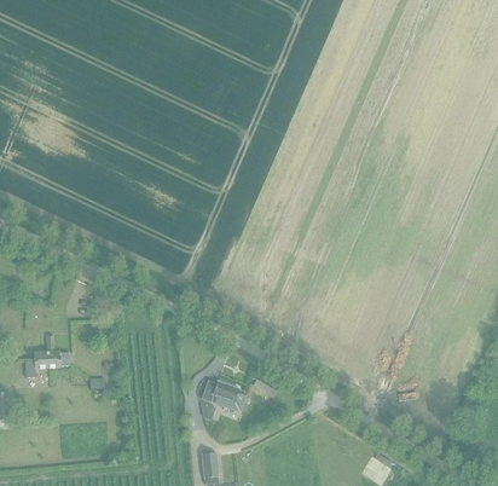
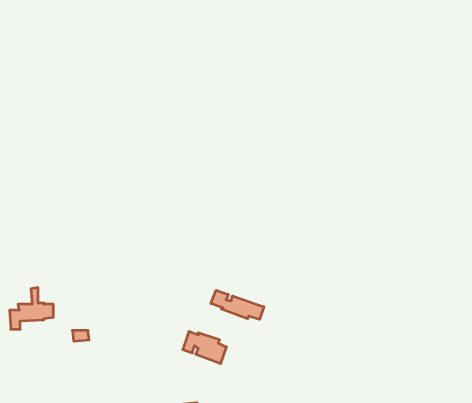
building: none -> [211,290,264,319]

